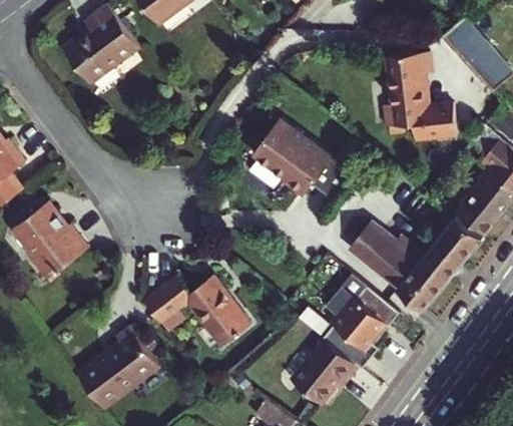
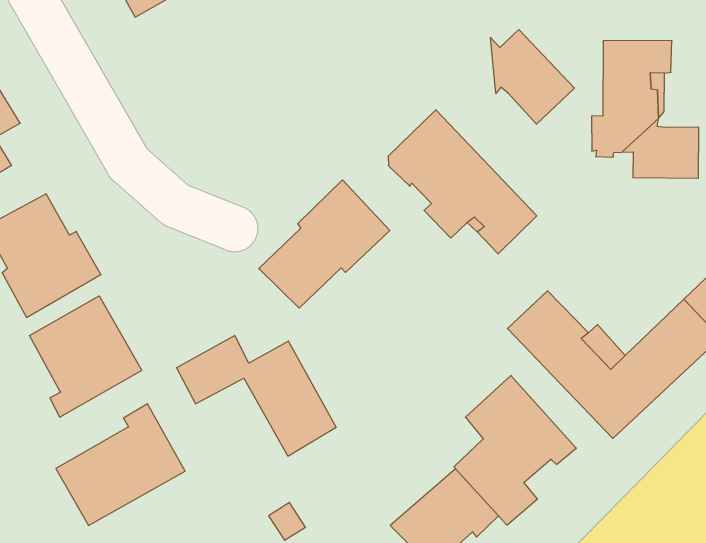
building: none -> [491,30,575,124]
building: none -> [259,180,390,308]
building: none -> [29,296,142,417]

